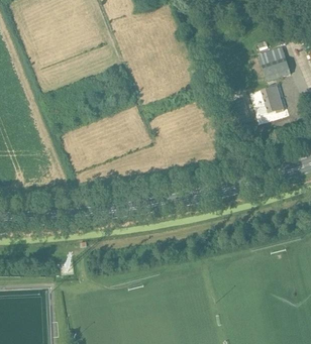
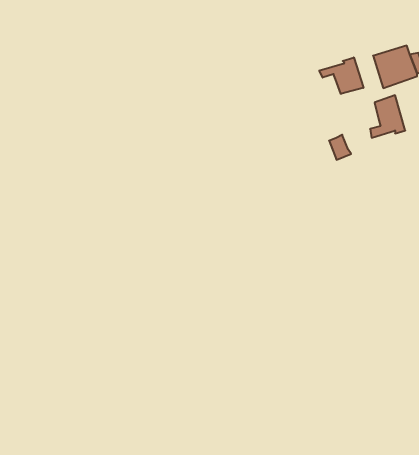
building: none -> [319,57,363,94]

